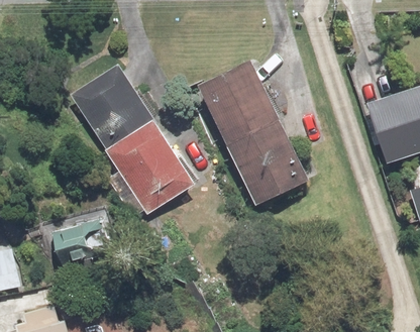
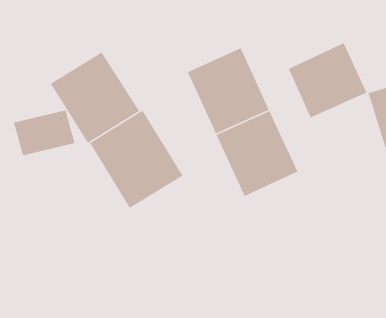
building: none -> [288,42,367,119]
building: [52,221,112,265] -> [13,109,76,156]

